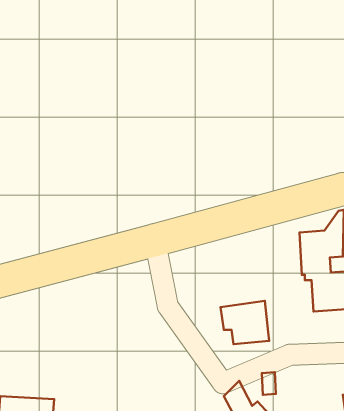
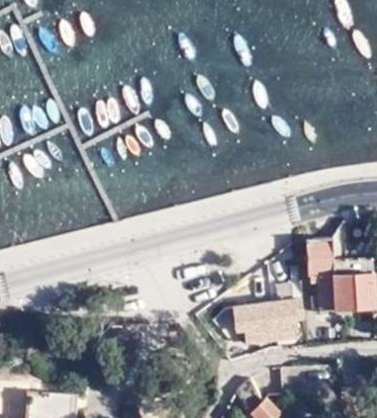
building: none -> [275,301,304,334]

